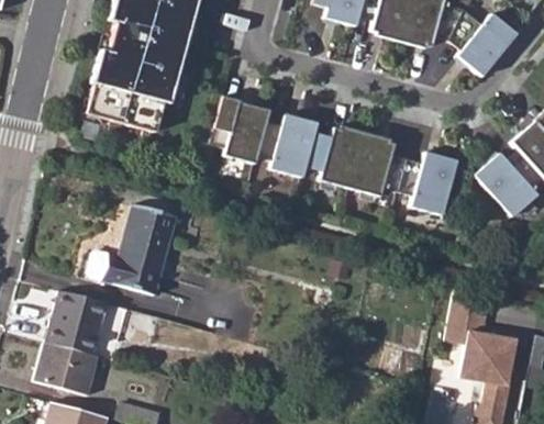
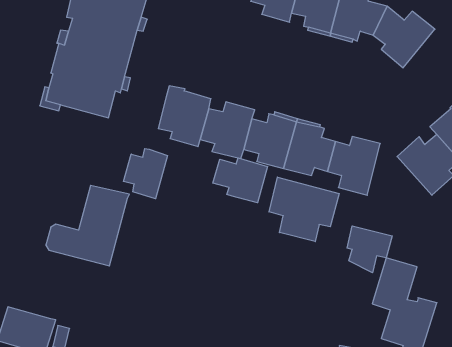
building: none -> [123,149,168,199]
building: none -> [213,158,268,203]
building: none -> [269,177,339,242]
building: none -> [347,226,392,273]
building: [46,287,108,354] -> none

